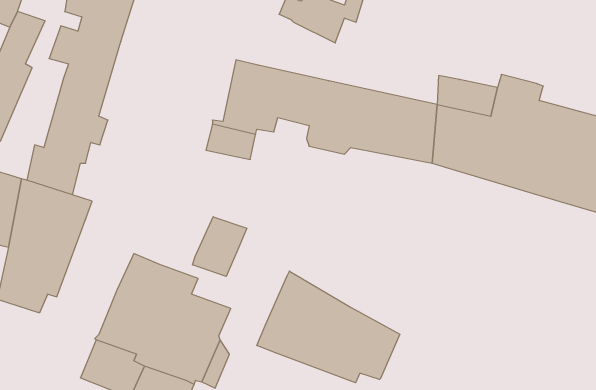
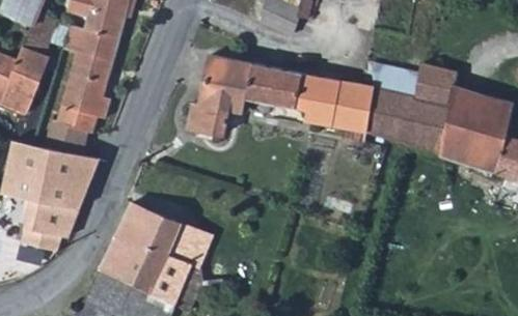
building: [193,217,247,276] -> none
building: [257,271,400,383] -> none

